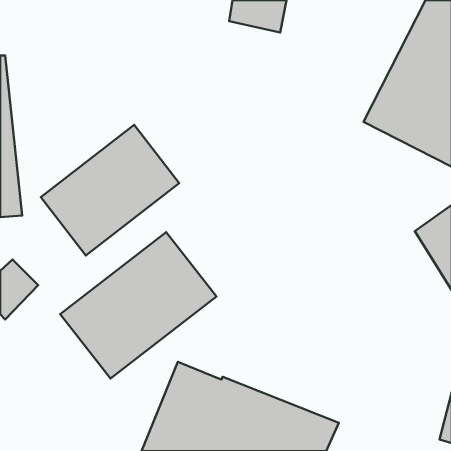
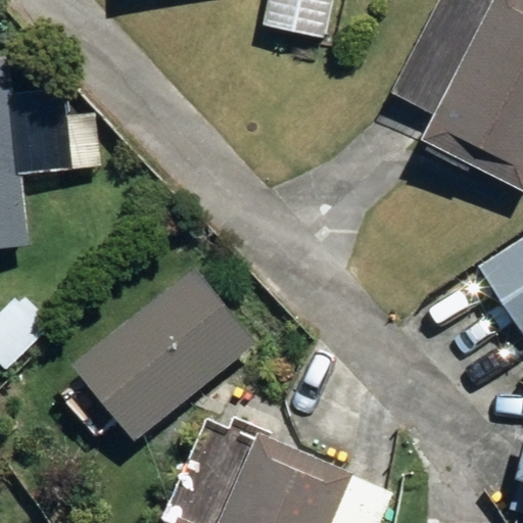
building: [41,125,179,255] -> none

